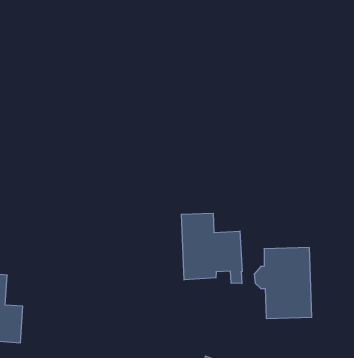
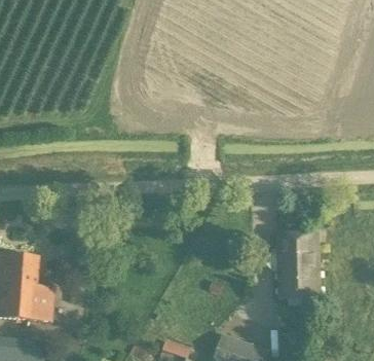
building: [181,213,242,284] -> none

